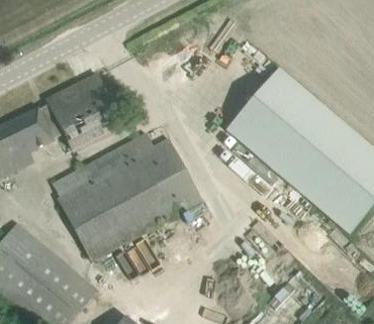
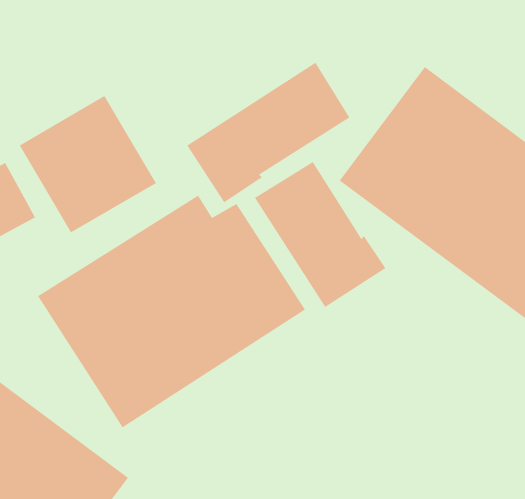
building: none -> [186,62,350,203]
building: none -> [254,161,386,308]

